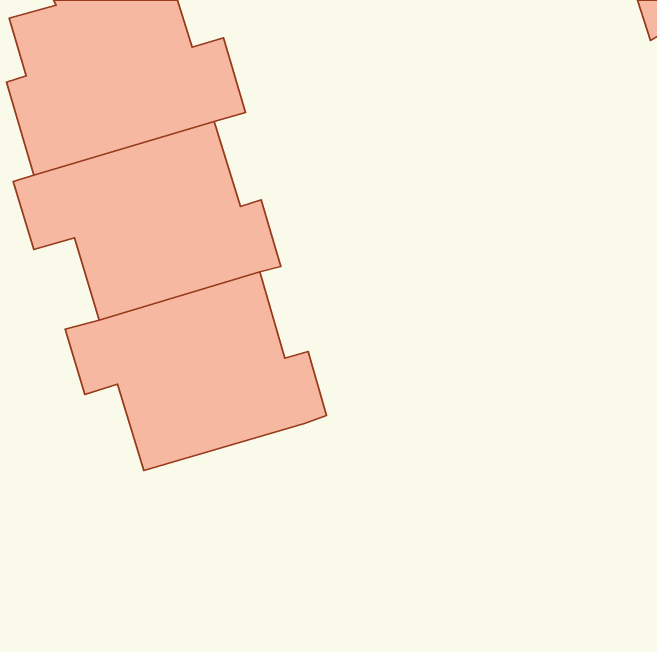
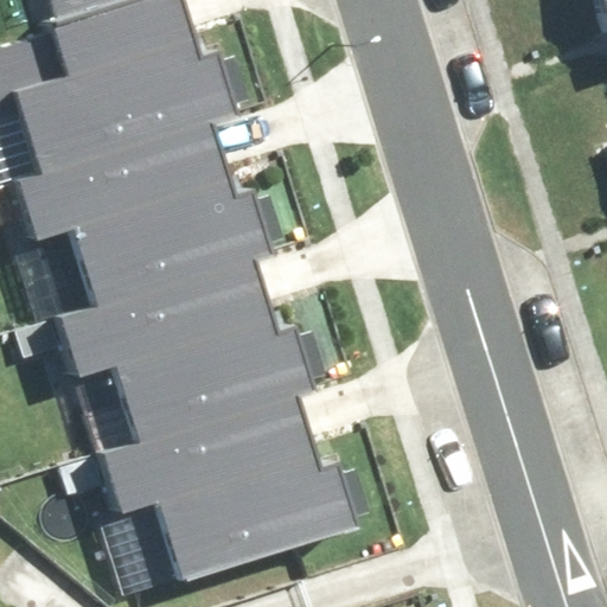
building: none -> [106,398,354,577]

